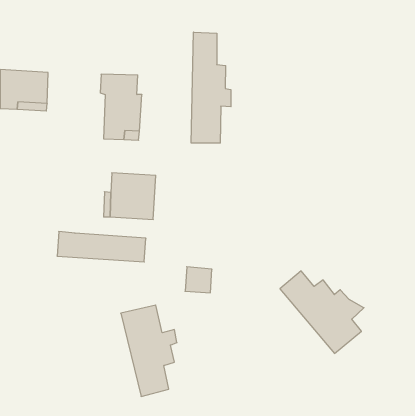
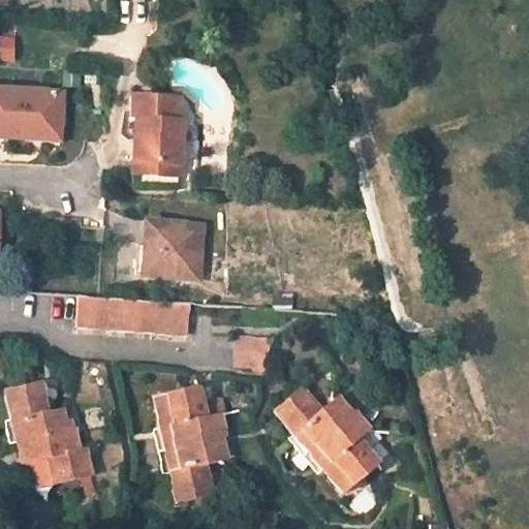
building: [191,32,231,143] -> none
building: [280,271,364,353] -> [274,387,380,492]
building: none -> [7,382,95,490]

